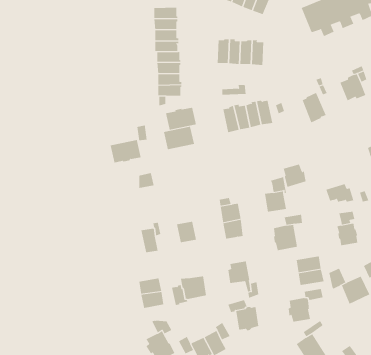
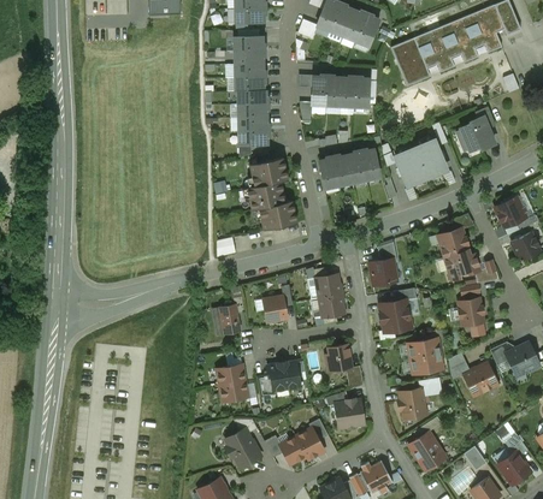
building: none -> [391,37,431,87]
building: none -> [395,149,426,183]
building: [104,140,141,163] -> [252,201,297,230]
building: [283,164,306,187] -> [439,228,468,257]

